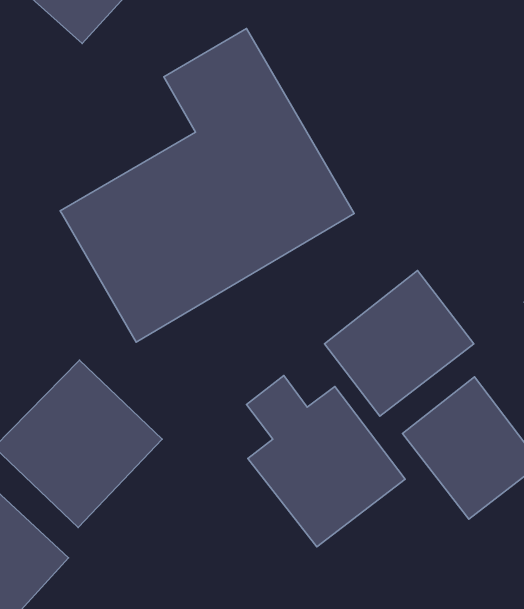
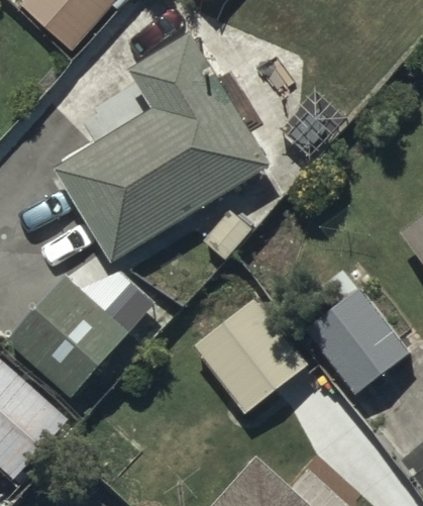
building: [325,270,474,416] -> none

